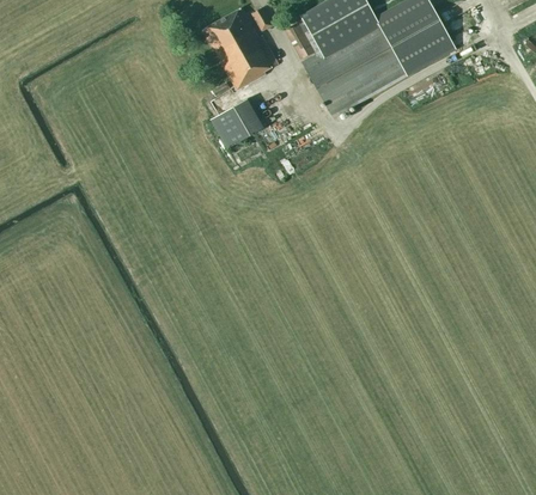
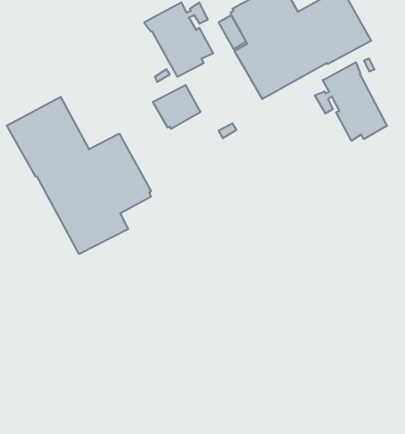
building: none -> [315,62,387,141]
building: none -> [7,97,151,254]

